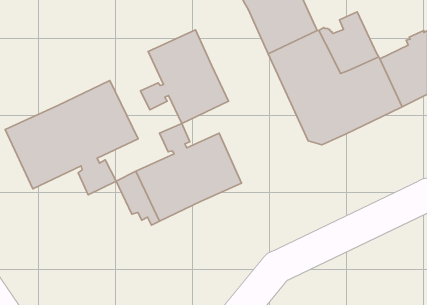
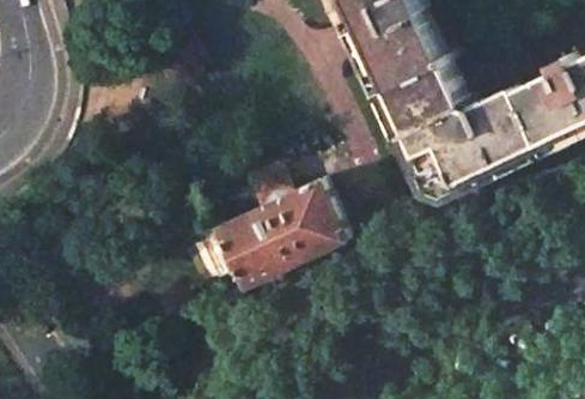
building: [140,30,229,123] -> none
building: [5,80,138,195] -> none

